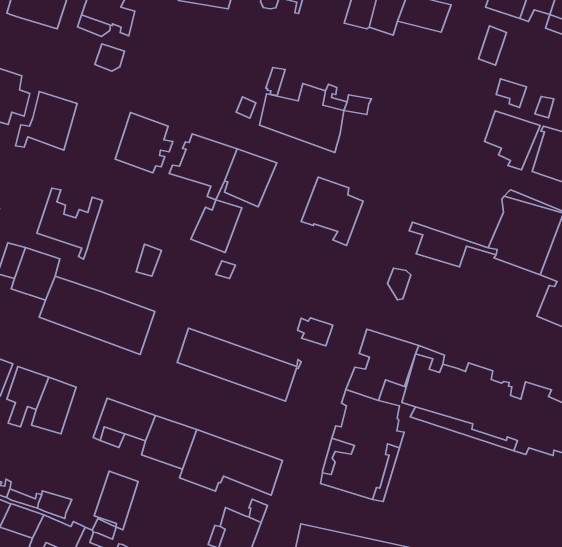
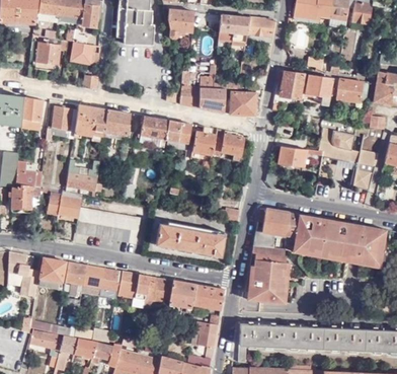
building: none -> [73,105,106,139]
building: none -> [279,71,306,100]
building: none -> [224,93,255,116]
building: [191,200,242,252] -> [191,127,217,155]
building: [94,471,138,530] -> [98,269,120,300]

